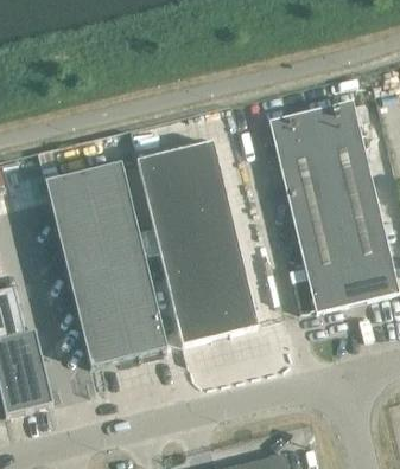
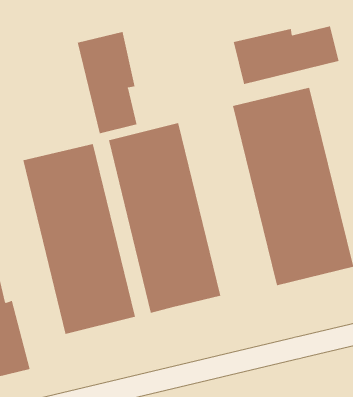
building: none -> [233,26,339,85]
building: none -> [77,31,137,134]

